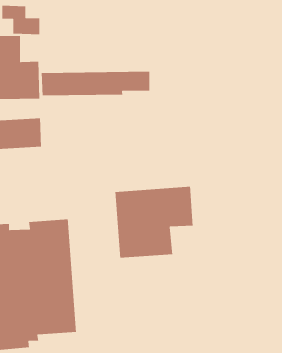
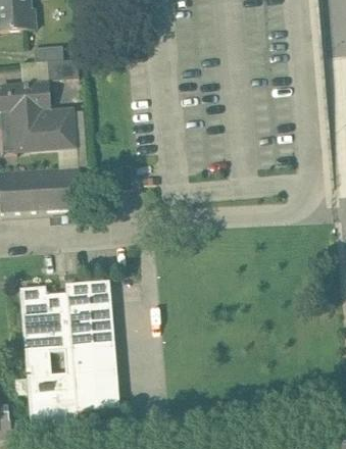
building: [41,71,150,96] -> none
building: [115,186,193,258] -> none

